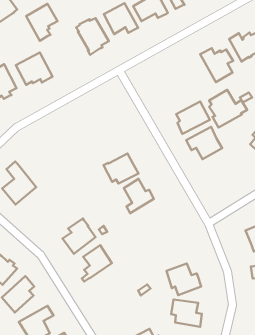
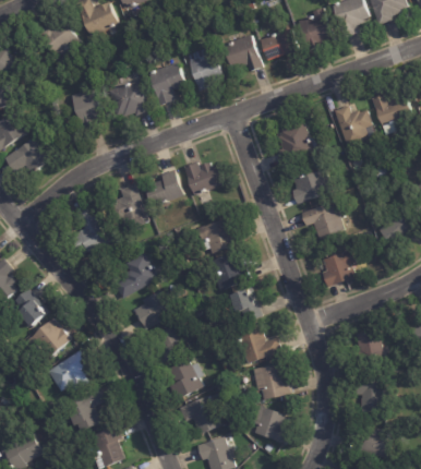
building: [26,4,57,41] -> [147,61,184,105]
building: [209,90,247,128] -> [276,120,322,165]
building: none -> [182,160,225,195]
building: none -> [145,169,182,206]
building: none -> [108,183,147,226]
building: none -> [322,250,356,287]
building: none -> [113,253,156,298]
building: none -> [230,287,262,320]
building: none -> [236,326,282,365]
building: none -> [166,359,201,400]
building: none -> [177,396,218,435]

